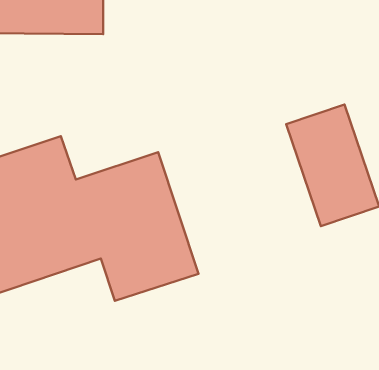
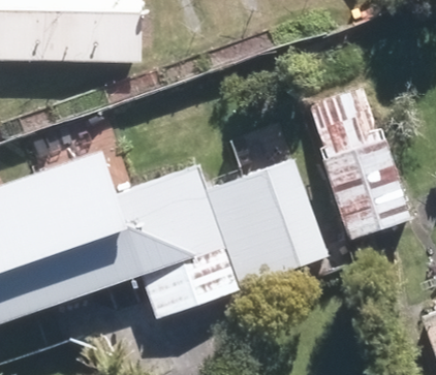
building: none -> [206,159,328,286]

